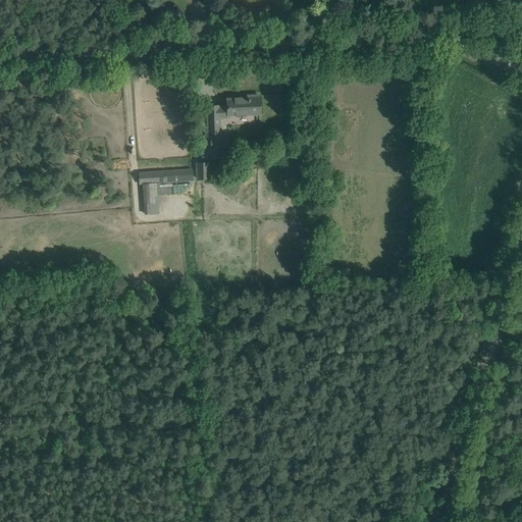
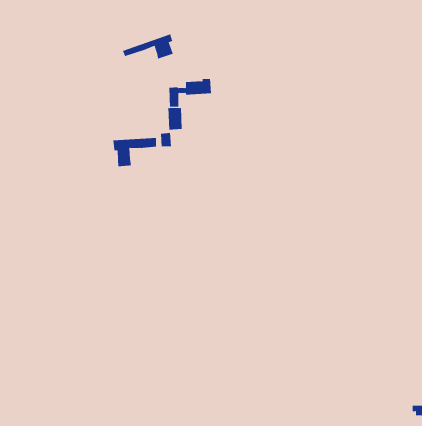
building: none -> [122,33,174,60]

